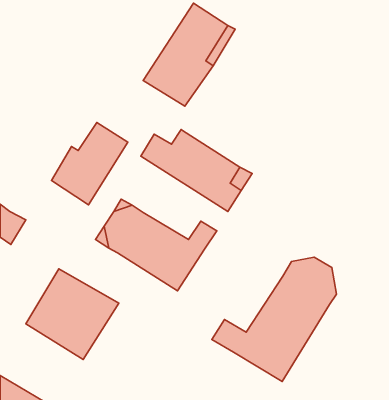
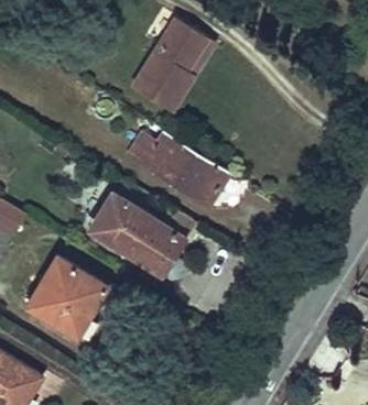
building: [52,123,128,205] -> none
building: [212,257,337,381] -> none

